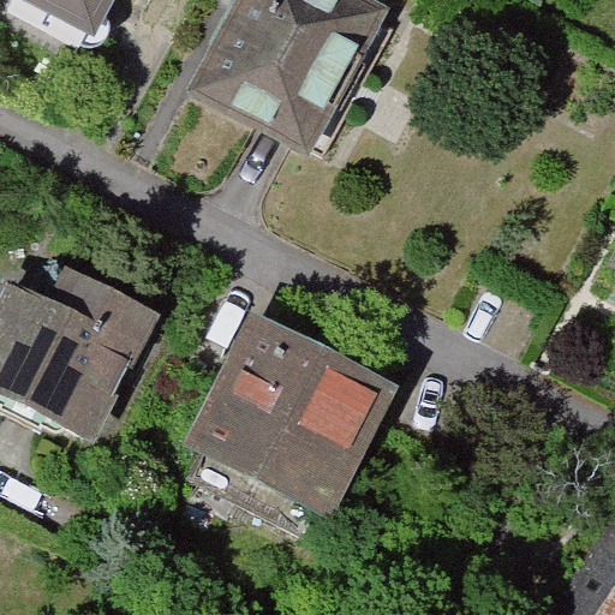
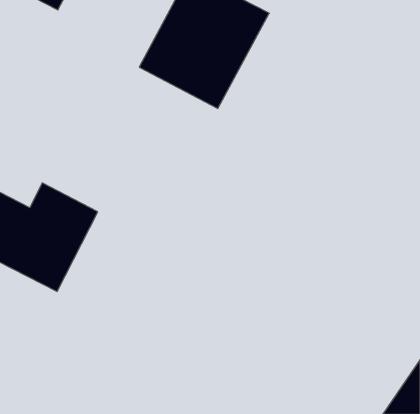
building: [191,314,384,498] -> none

